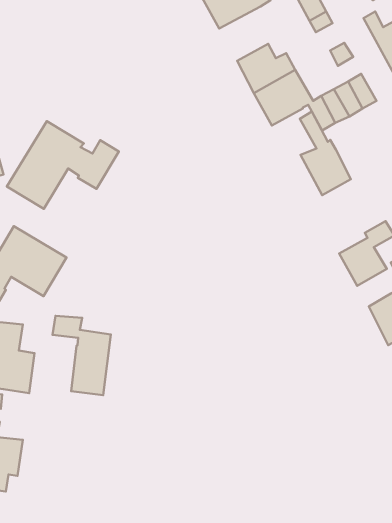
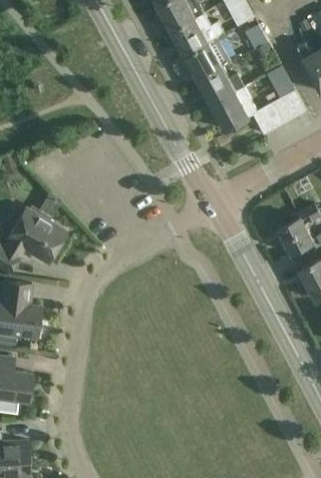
building: none -> [184,39,229,81]
building: [300,111,351,195] -> none
building: [7,121,119,209] -> none
building: [53,316,111,395] -> none

